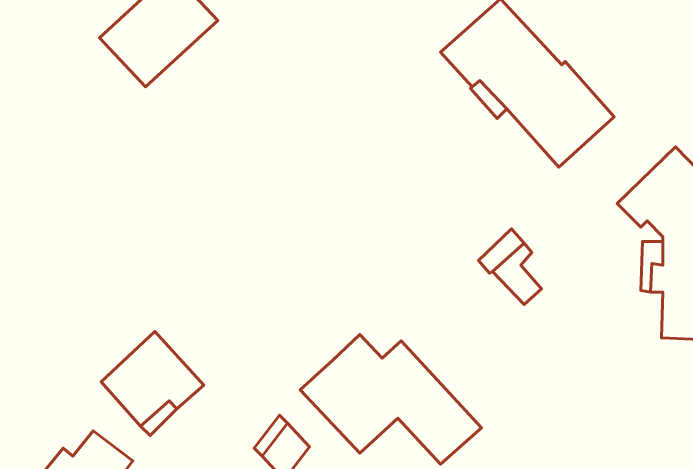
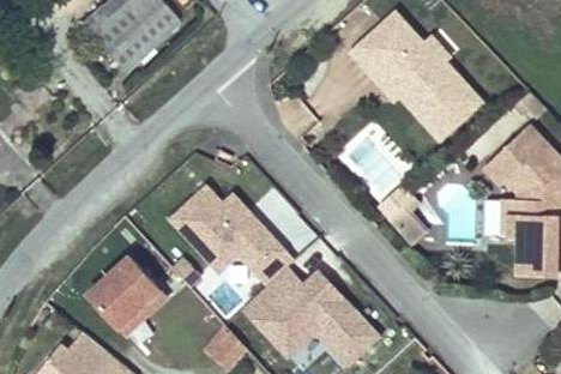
building: none -> [171,185,294,283]

